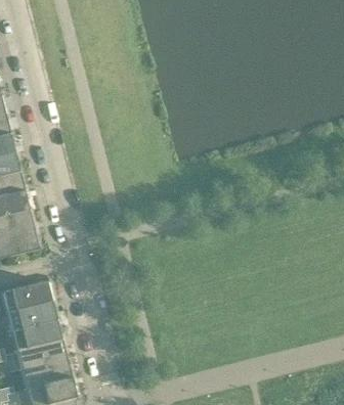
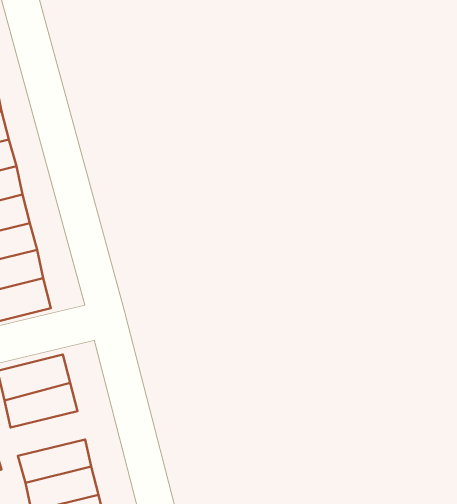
building: [11,320,62,351] -> none

